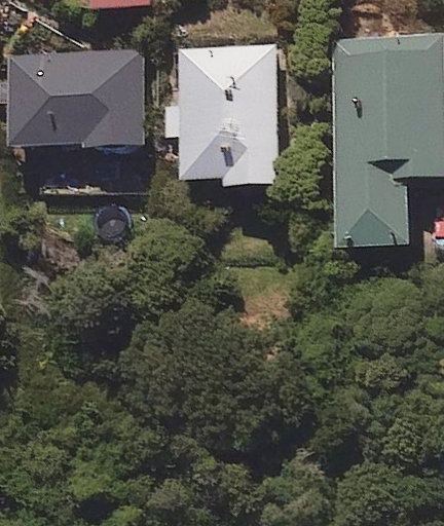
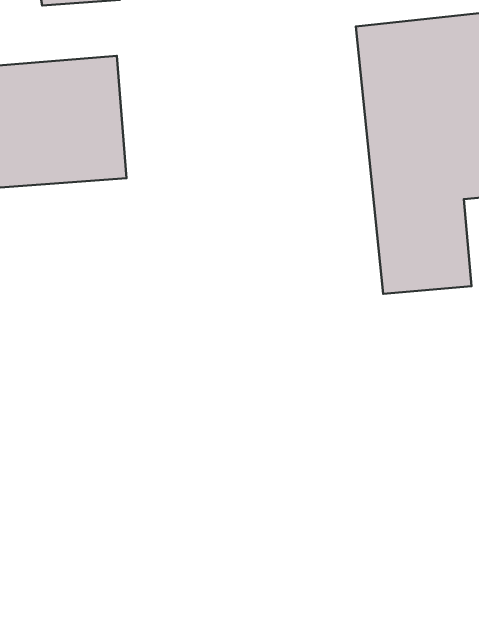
building: [164,43,279,187] -> none

